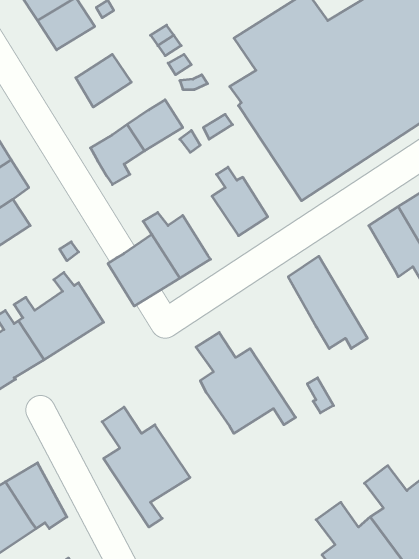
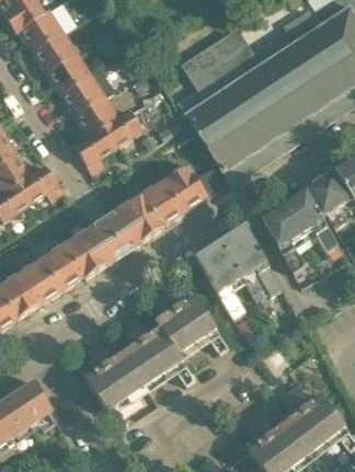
building: none -> [49,54,91,92]
building: none -> [77,95,118,135]
building: none -> [16,164,62,203]
building: none -> [139,179,185,225]
building: none -> [261,203,305,273]
building: none -> [66,221,107,277]
building: none -> [198,241,244,318]
building: none -> [121,314,195,391]

